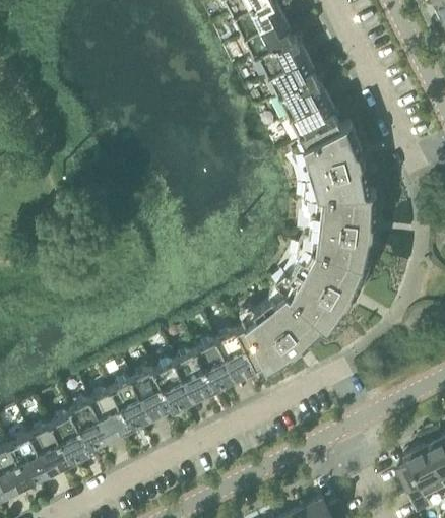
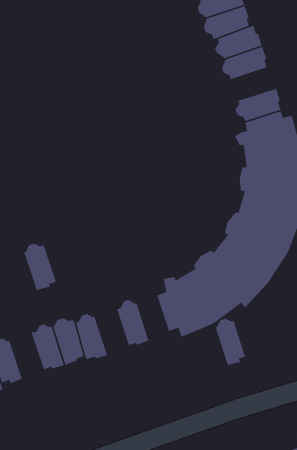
building: [280,79,330,118] -> none
building: [217,331,255,381] -> [214,318,246,366]
building: [176,352,215,402] -> none
building: [91,390,131,440] -> [23,243,57,291]

